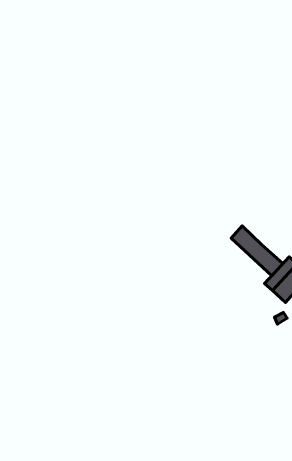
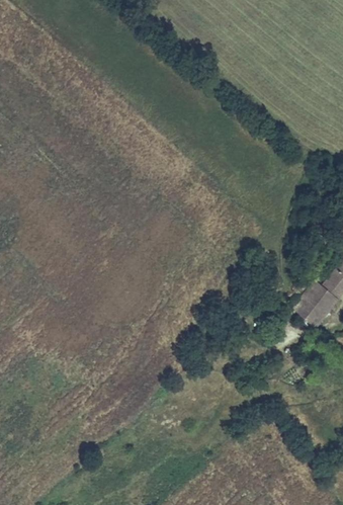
building: [231,226,283,276] -> none

